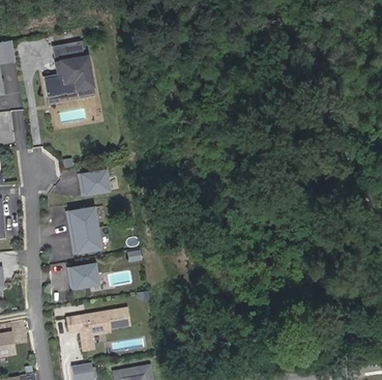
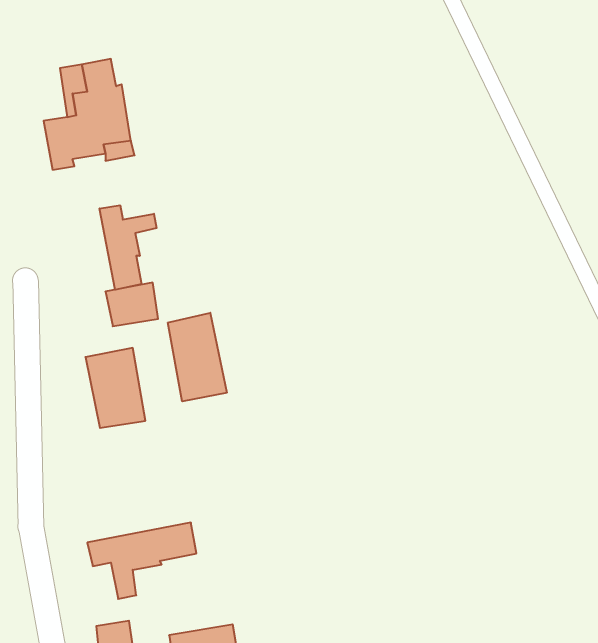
building: none -> [100,205,157,290]
building: none -> [168,313,227,401]
building: [68,262,98,288] -> none

